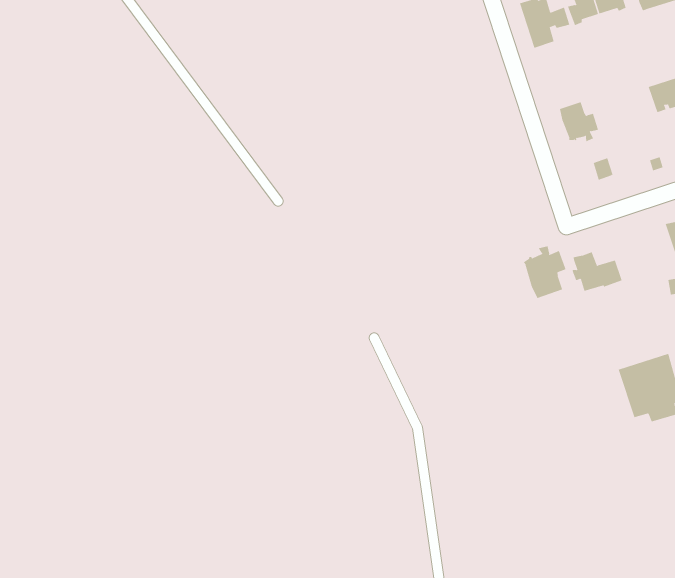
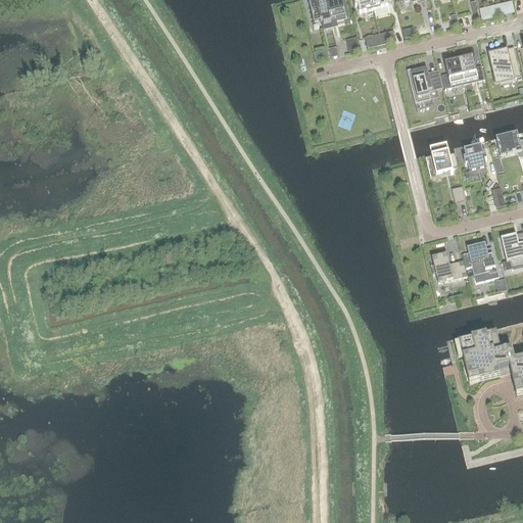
building: none -> [464,142,487,169]
building: none -> [467,241,497,273]
building: [523,245,567,299] -> none

